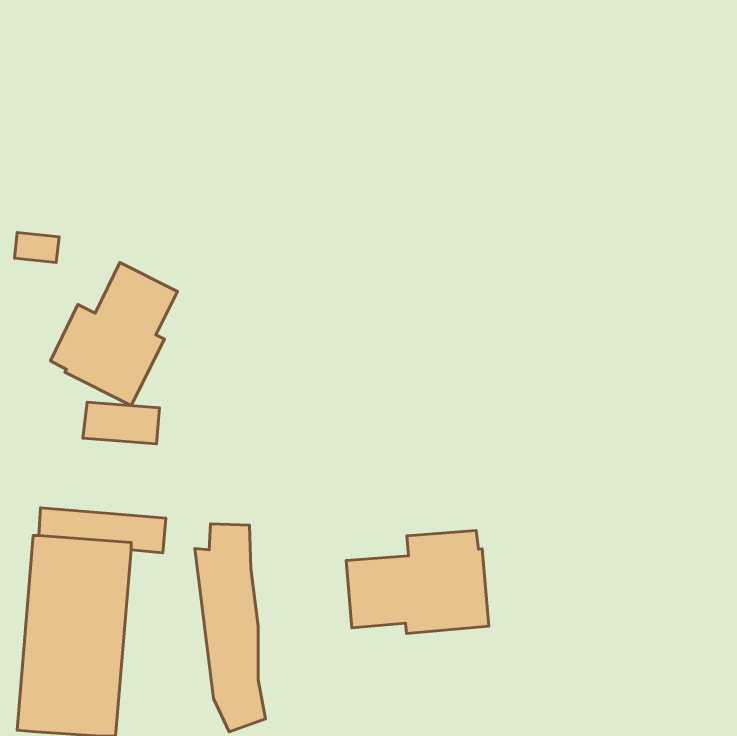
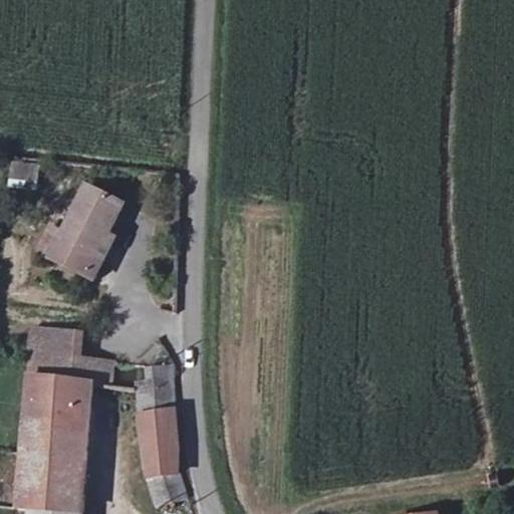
building: [83,402,159,444] -> [28,328,81,357]
building: [346,530,489,633] -> none

